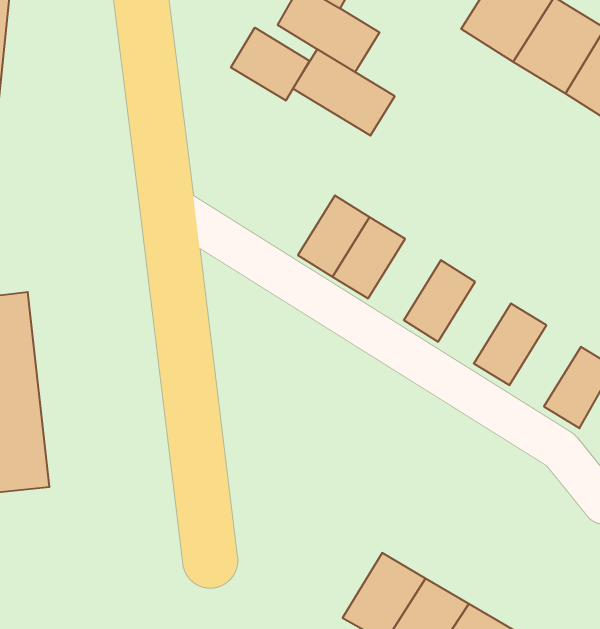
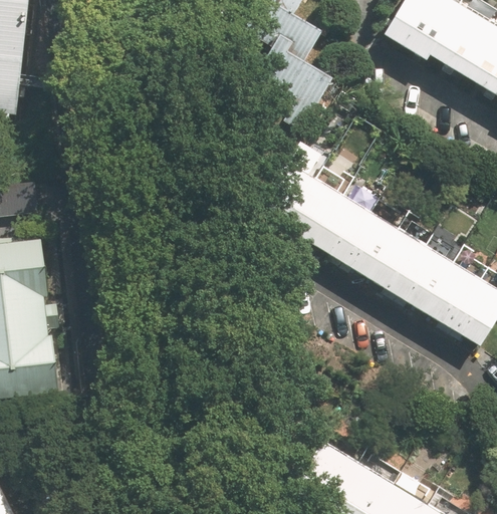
building: [231,28,310,101] -> none
building: none -> [310,194,367,258]
building: none -> [365,228,423,292]
building: none -> [422,262,478,326]

